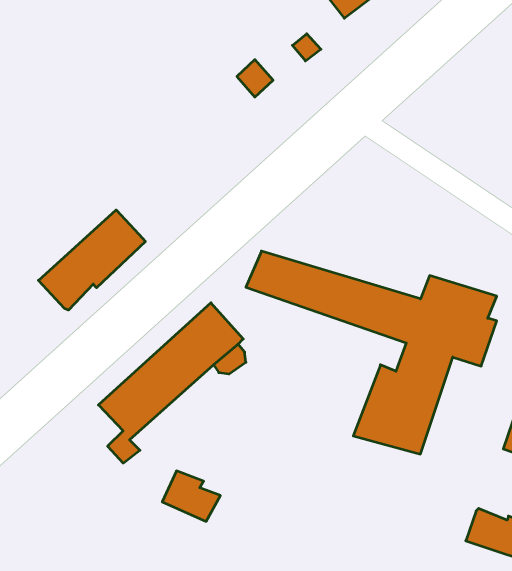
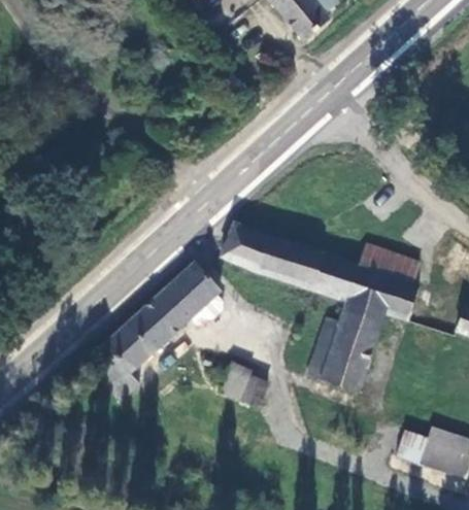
building: [38,210,145,310] -> none
building: [162,471,220,521] -> [222,363,268,403]

